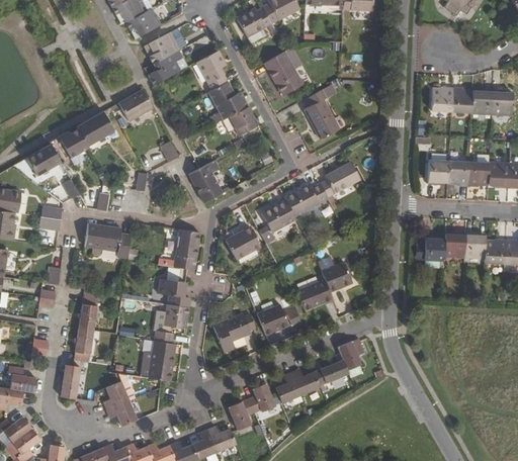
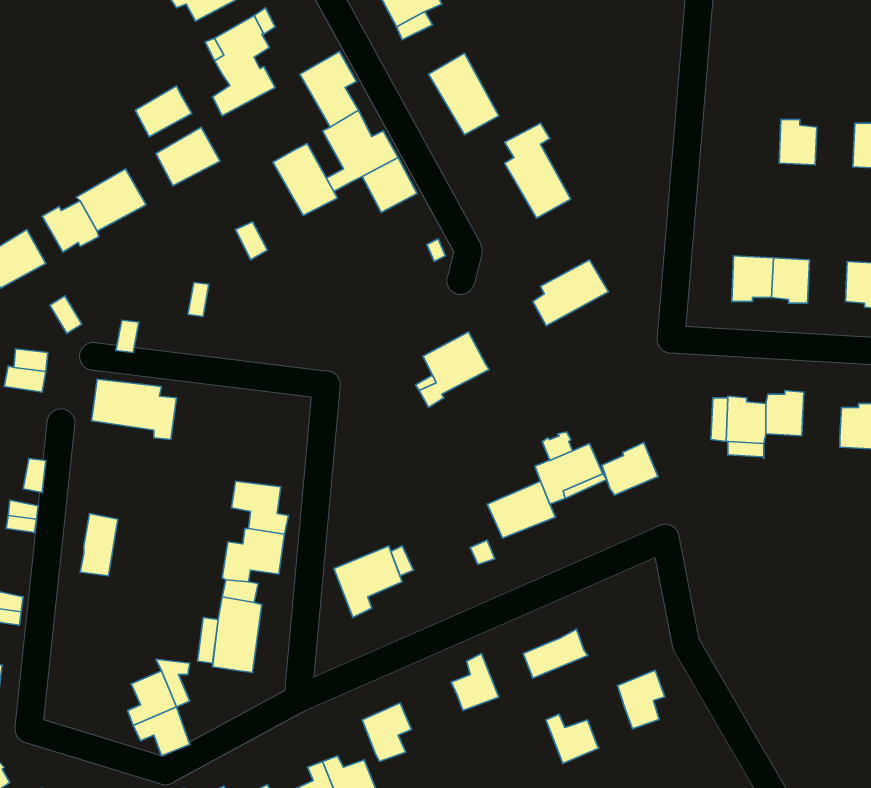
building: none -> [135,86,192,137]
building: [430,86,452,109] -> none
building: [470,87,492,111] -> none
building: [466,161,488,185] -> none
building: [187,165,222,203] -> [273,143,337,215]
building: [284,182,328,216] -> none
building: [226,227,260,260] -> none
building: [174,229,199,270] -> none
building: [463,232,485,256] -> none
building: none -> [602,443,658,495]
building: [257,304,287,335] -> none
building: [74,328,93,361] -> none
building: [339,338,364,369] -> [617,670,665,729]
building: [61,365,81,398] -> none
building: [292,368,321,394] -> [546,714,599,763]
building: [249,382,276,411] -> none

